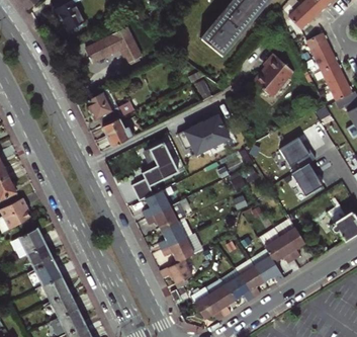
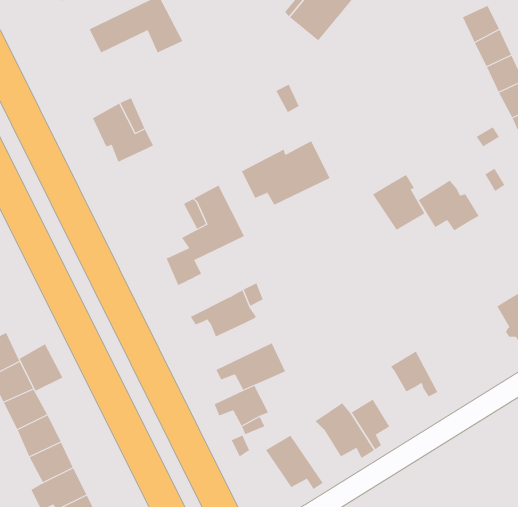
building: [255,54,294,96] -> none
building: [103,119,136,147] -> none
building: [291,162,323,195] -> [372,174,425,231]
building: [142,189,170,219] -> none
building: [158,220,192,250] -> none
building: [274,222,303,263] -> none
building: none -> [19,344,63,392]
building: [250,251,283,283] -> none
building: [209,285,235,317] -> none

